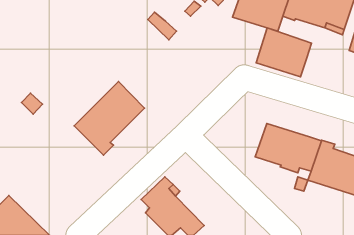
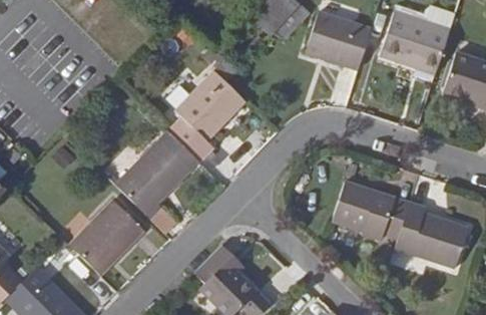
building: [256,28,312,77] -> none
building: none -> [167,70,246,163]
building: none -> [68,199,145,276]

